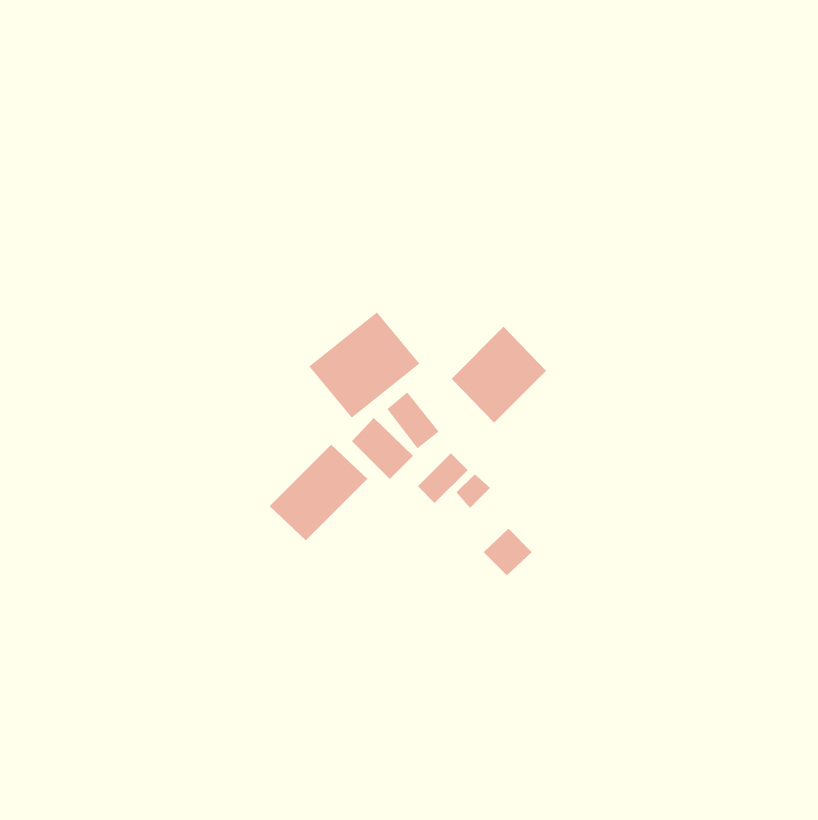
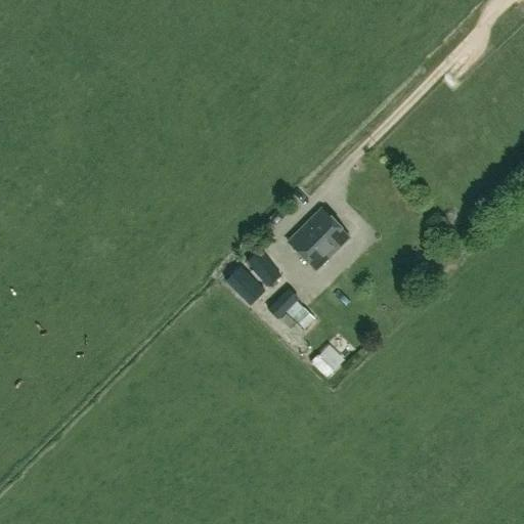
building: [308,311,420,419] -> none
building: [269,444,368,541] -> none

